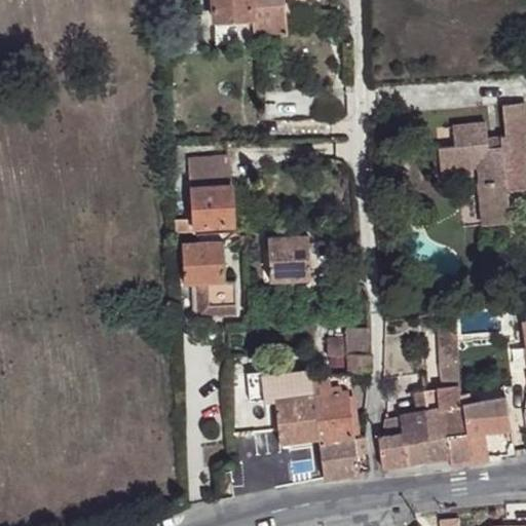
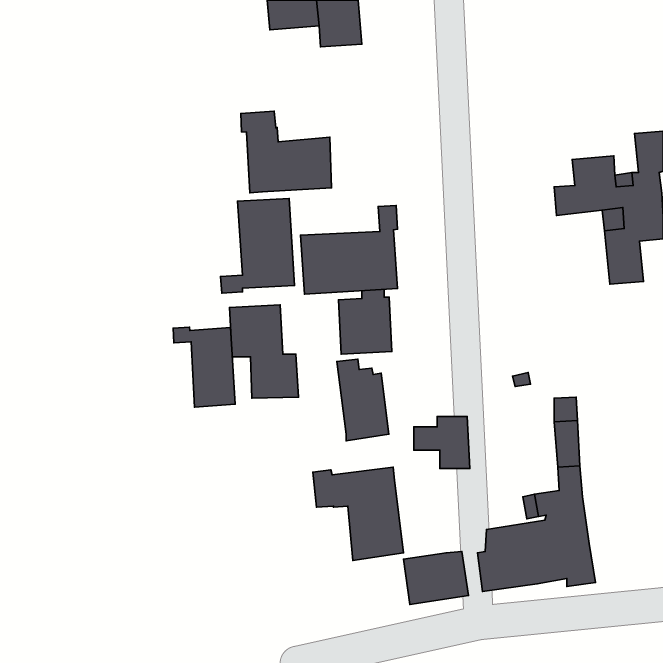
building: none -> [241,111,331,193]
building: none -> [300,206,398,294]
building: none -> [173,327,235,407]
building: [312,378,353,443] -> [337,359,389,441]
building: [461,385,511,461] -> none

